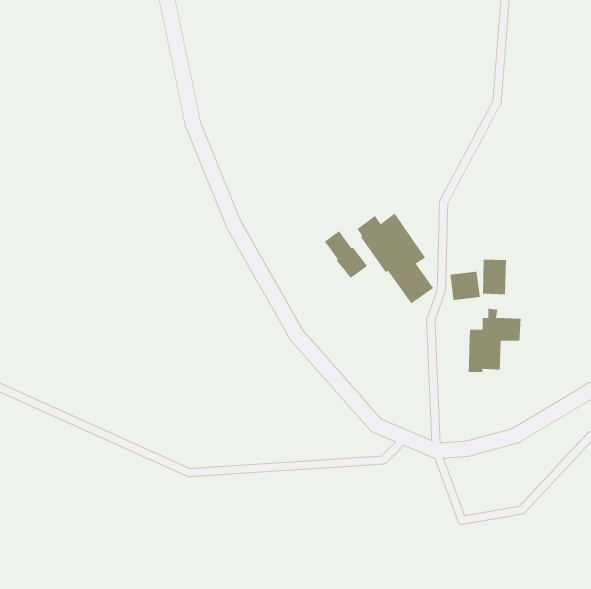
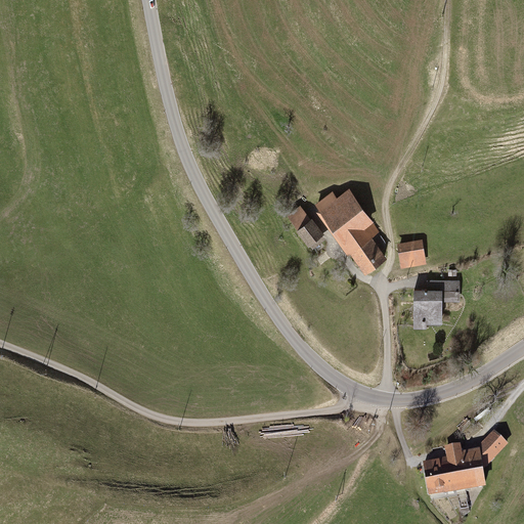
building: [482,259,507,295] -> none
building: none -> [425,433,508,496]

